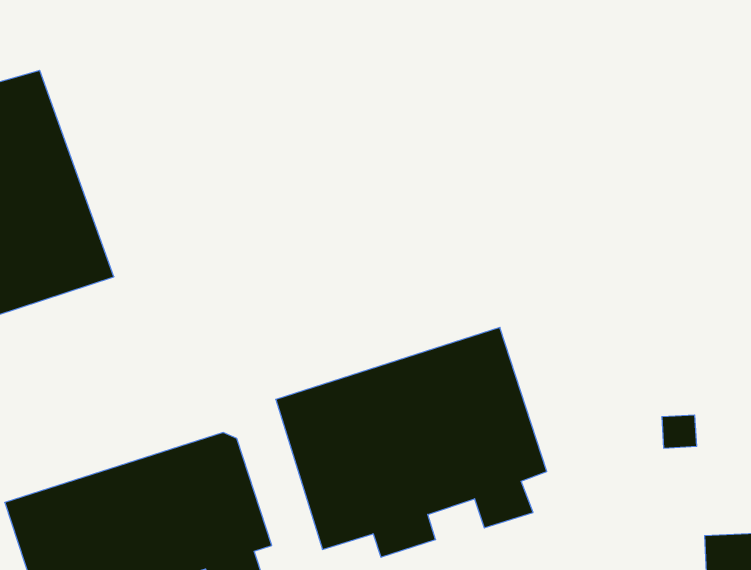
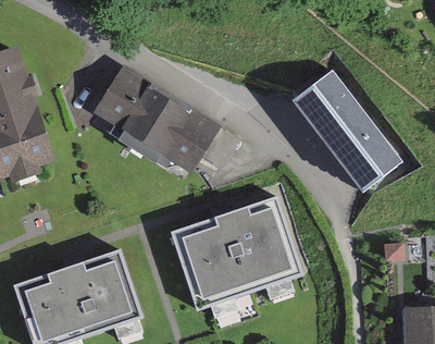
building: none -> [278,63,403,199]
building: none -> [101,64,225,173]

